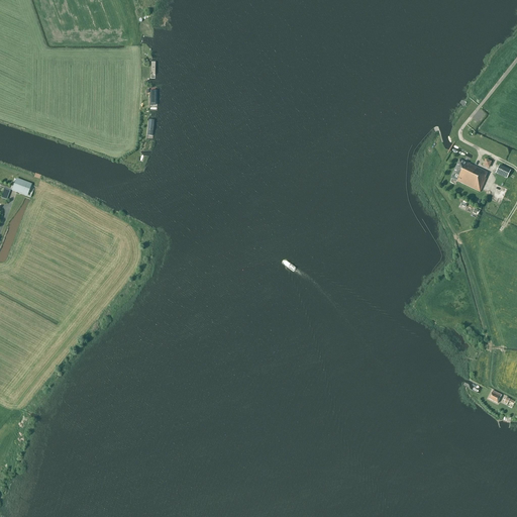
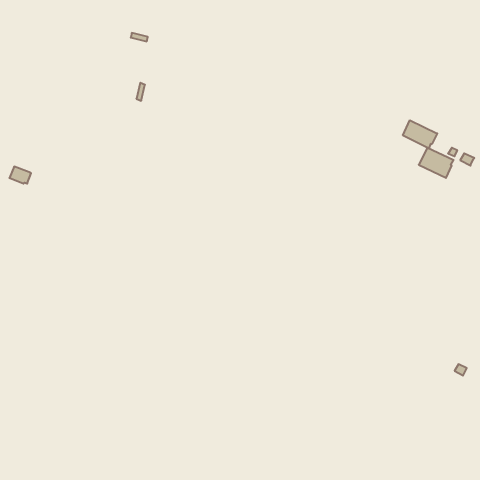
building: none -> [403,120,437,148]

